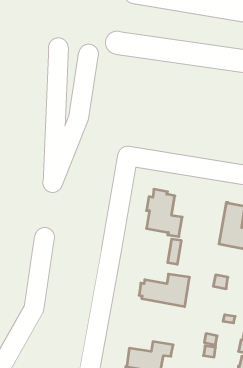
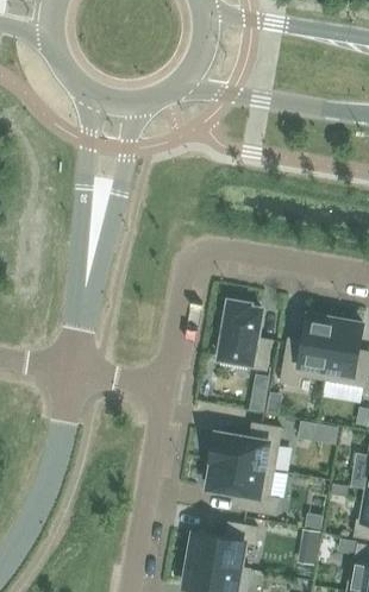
building: none -> [281,315,336,384]
building: none -> [207,459,280,515]

